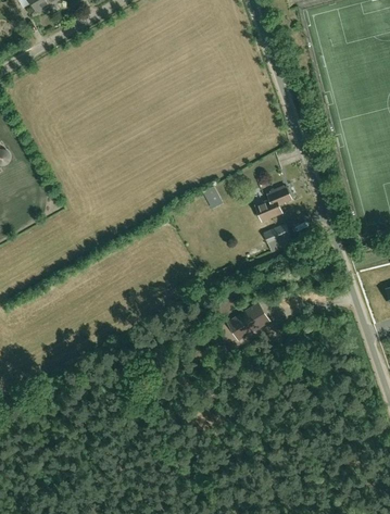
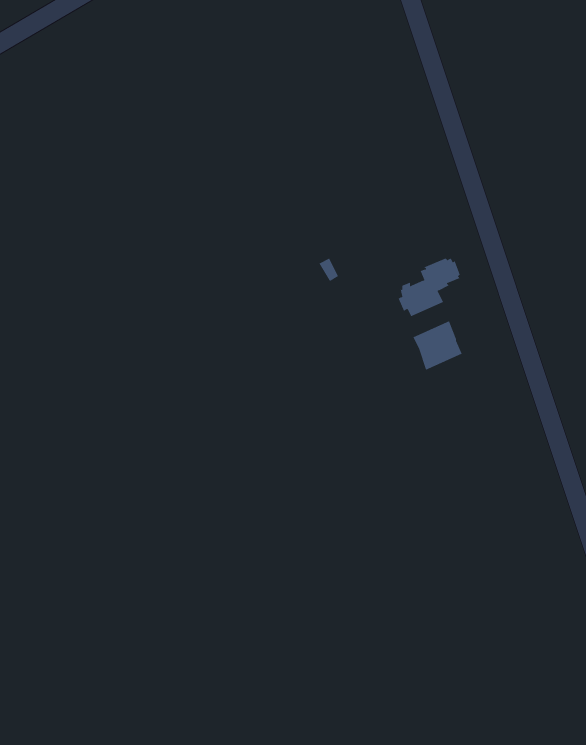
building: [226,304,267,340] -> none

